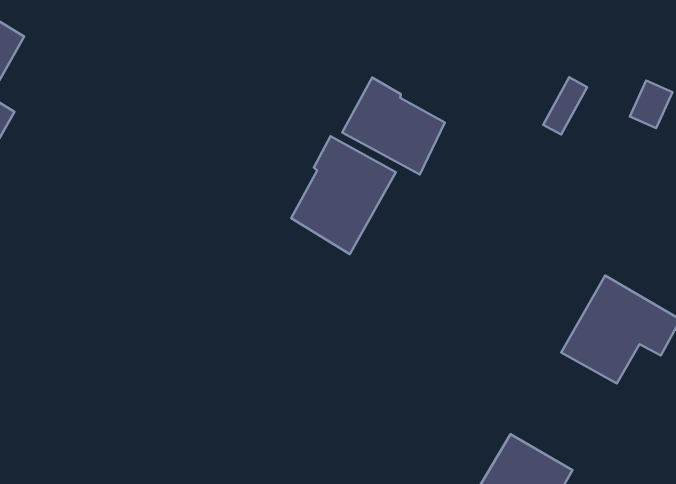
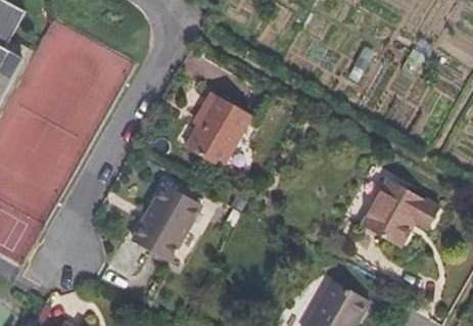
building: [342,78,445,175] -> none
building: none -> [136,183,202,258]

